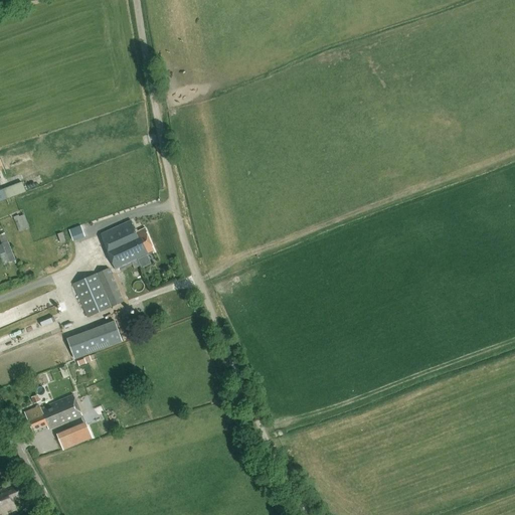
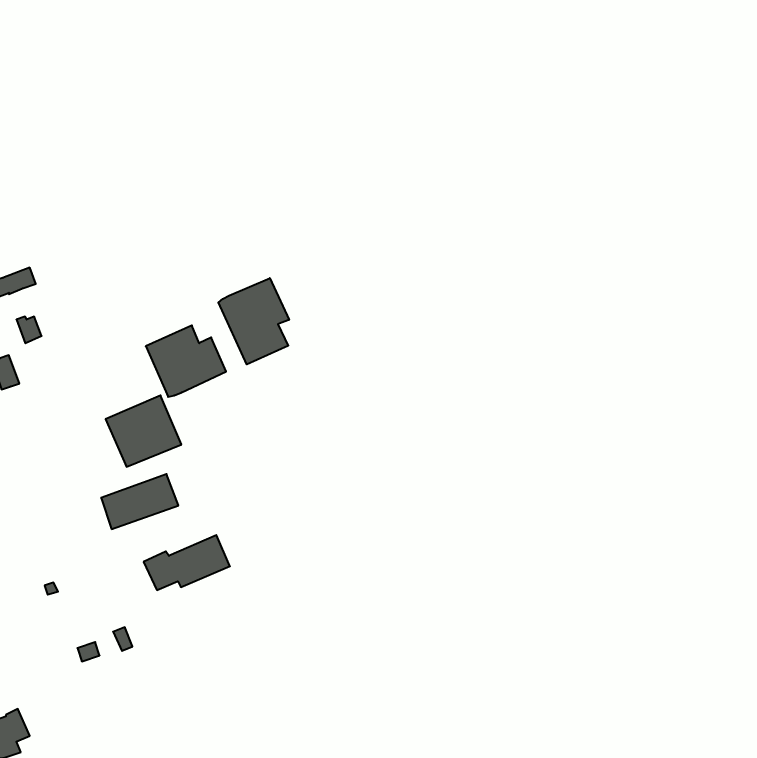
building: none -> [218,278,289,364]
building: [22,394,80,432] -> [144,535,230,590]

